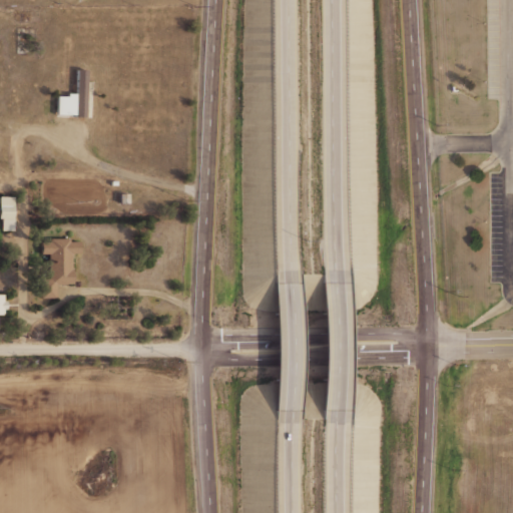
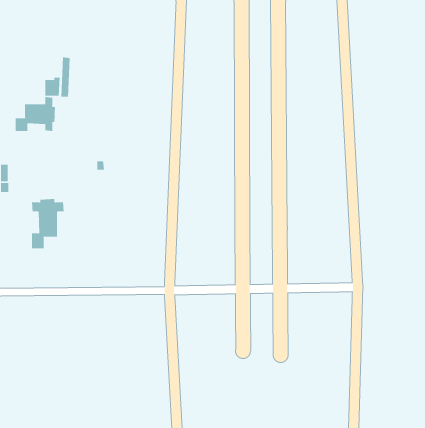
building: none -> [15,96,55,132]

